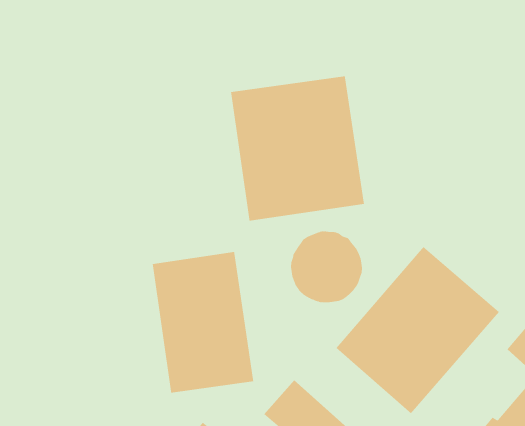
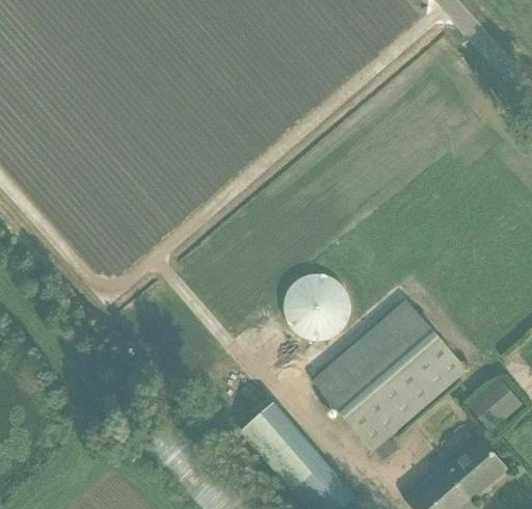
building: [231,76,365,221] -> none
building: [152,251,254,394] -> none

